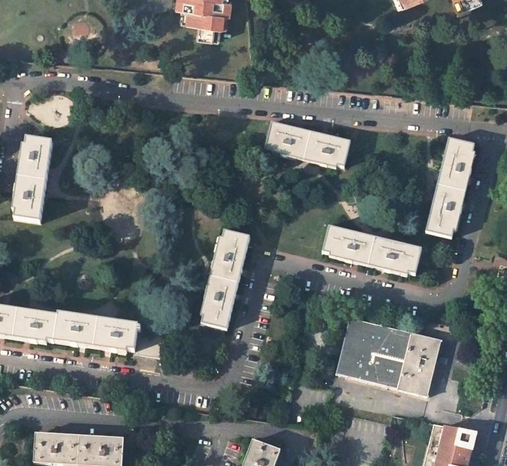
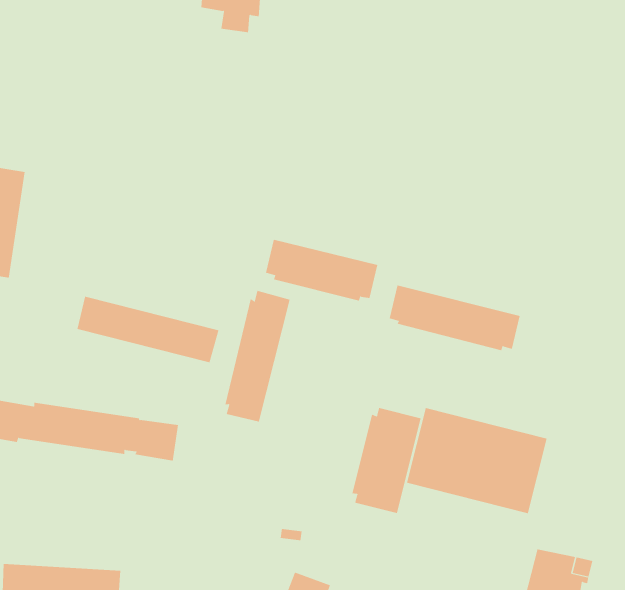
building: [266,122,350,168] -> [265,239,378,301]
building: [426,139,476,237] -> none
building: none -> [77,296,219,363]
building: none -> [352,407,421,514]

